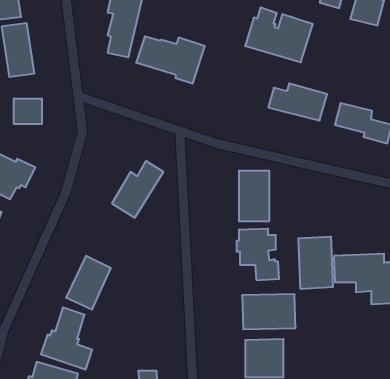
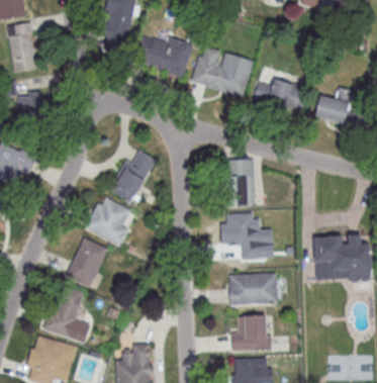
building: [245,8,313,62] -> [191,45,254,96]
building: none -> [85,197,130,246]
building: [298,236,333,289] -> none

